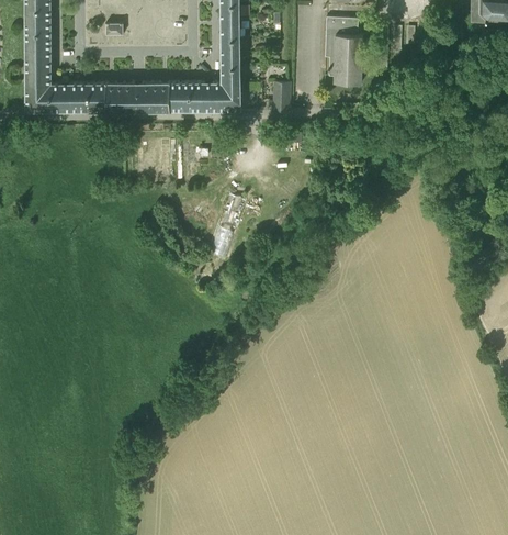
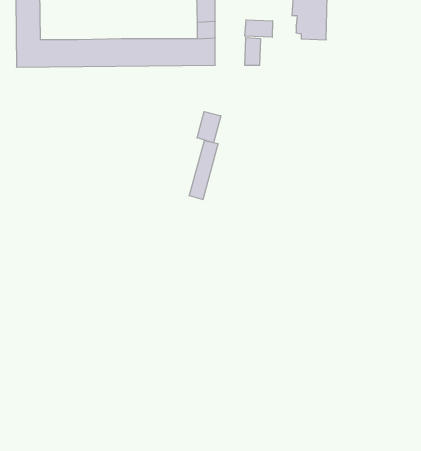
building: none -> [245,20,272,37]
building: none -> [197,112,221,143]

